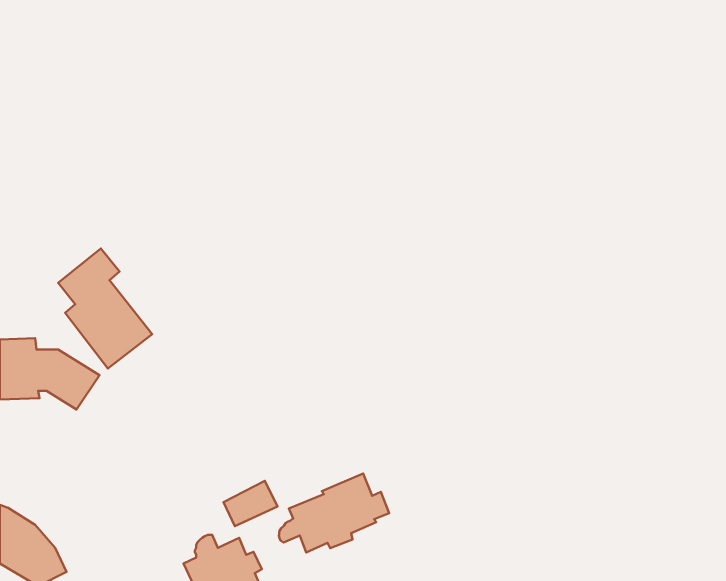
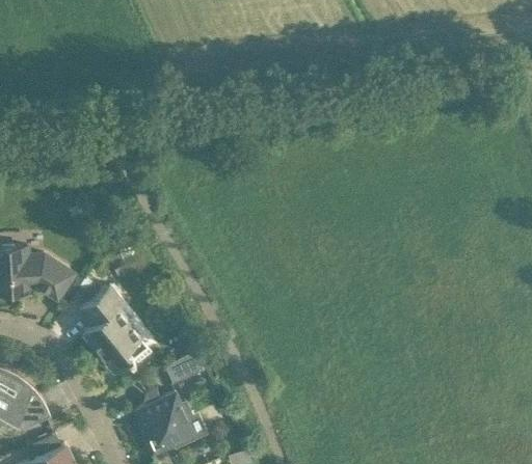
building: [58,249,152,368] -> [79,286,148,374]
building: [279,473,389,552] -> none

